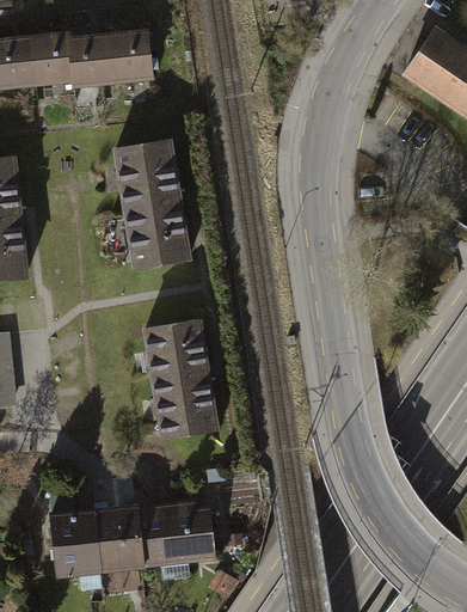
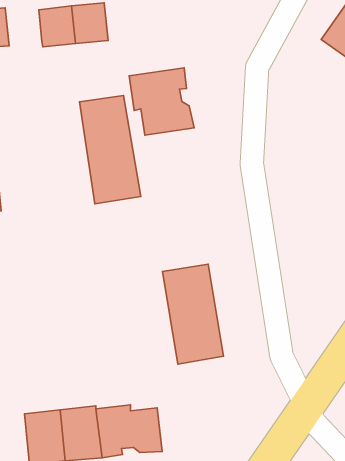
building: [31,35,74,82] -> none
building: none -> [129,68,194,135]
building: [146,320,217,437] -> [162,264,224,364]

